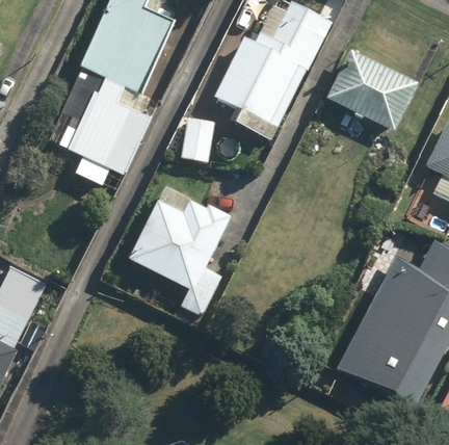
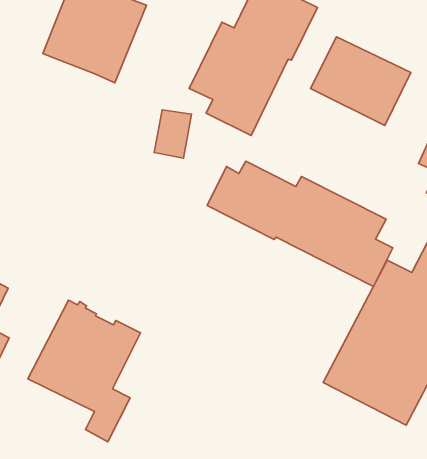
building: [53,67,148,189] -> none
building: none -> [207,161,393,287]
building: [127,185,231,316] -> [28,300,140,442]

